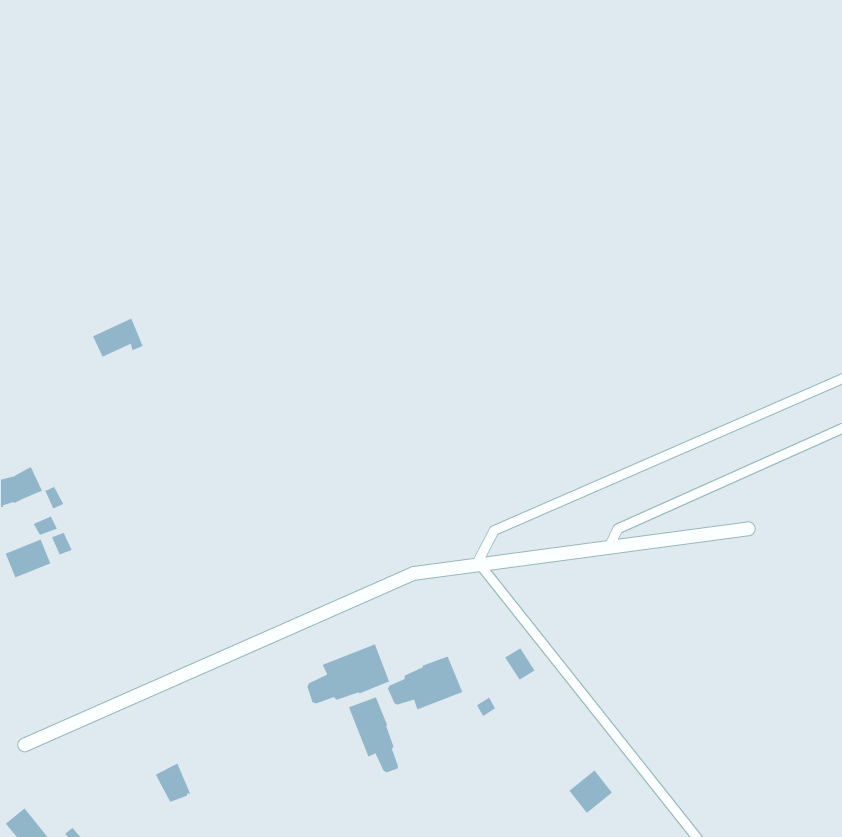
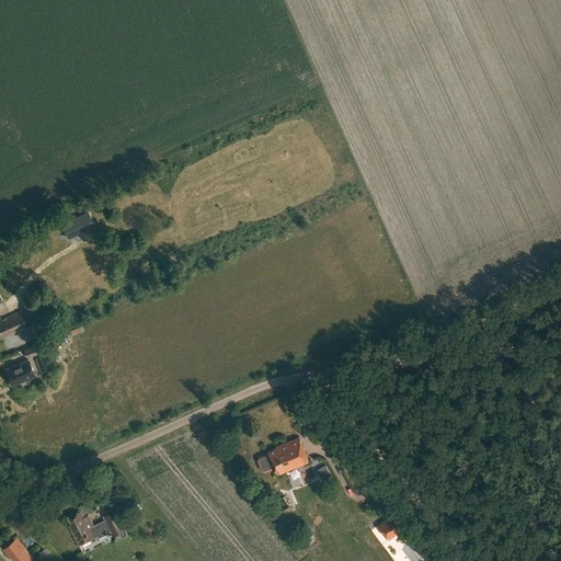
building: [307,643,390,704] -> none
building: [348,696,398,773] -> none
building: none -> [67,512,99,548]

